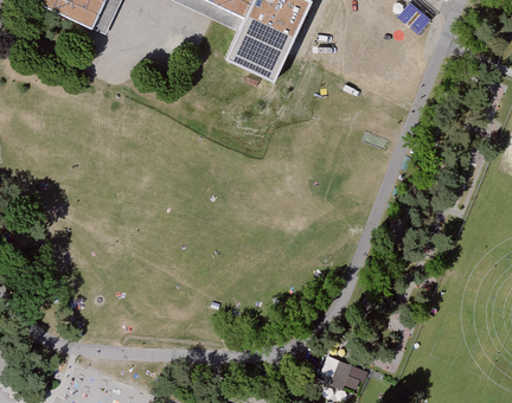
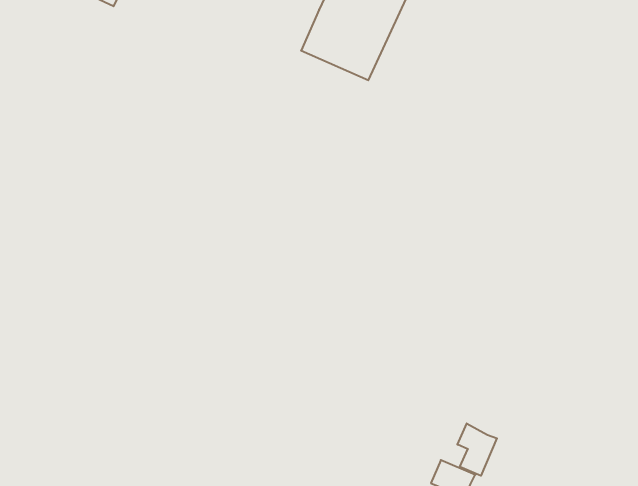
building: none -> [457,423,497,476]

